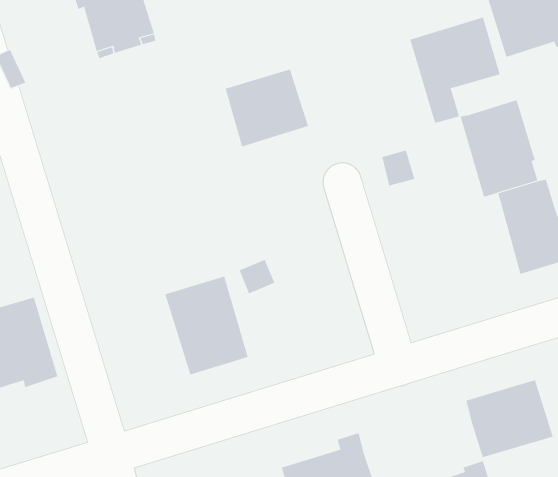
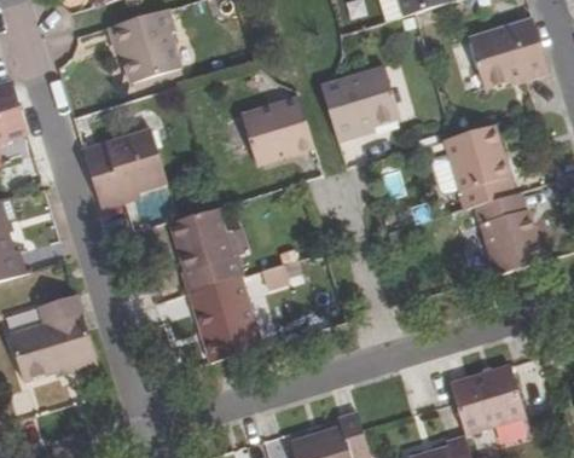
building: [409,17,500,123] -> [320,66,399,158]
building: none -> [82,128,166,208]
building: none -> [169,208,244,291]

